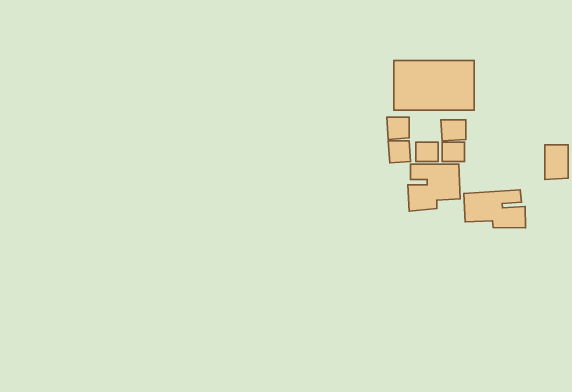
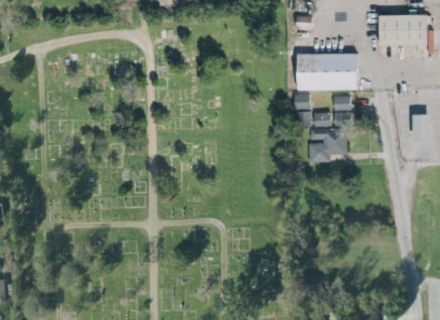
building: none -> [376,14,423,46]
building: [464,190,526,228] -> none

